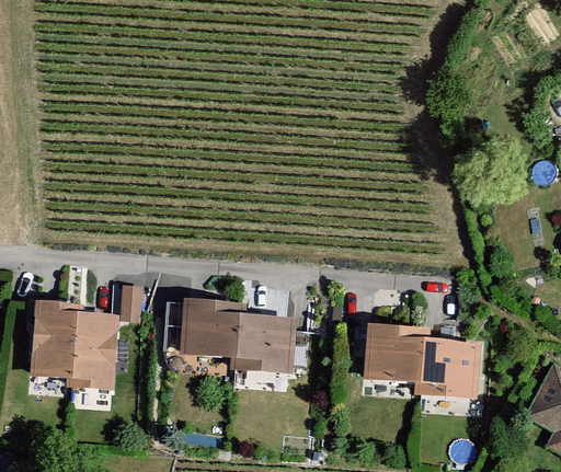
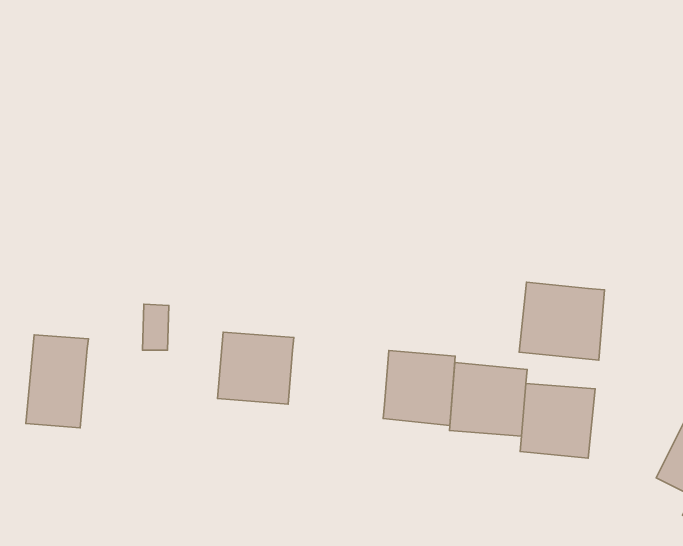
building: none -> [519,282,605,360]
building: [71,312,119,390] -> none
building: [236,313,293,372] -> [383,350,455,425]

